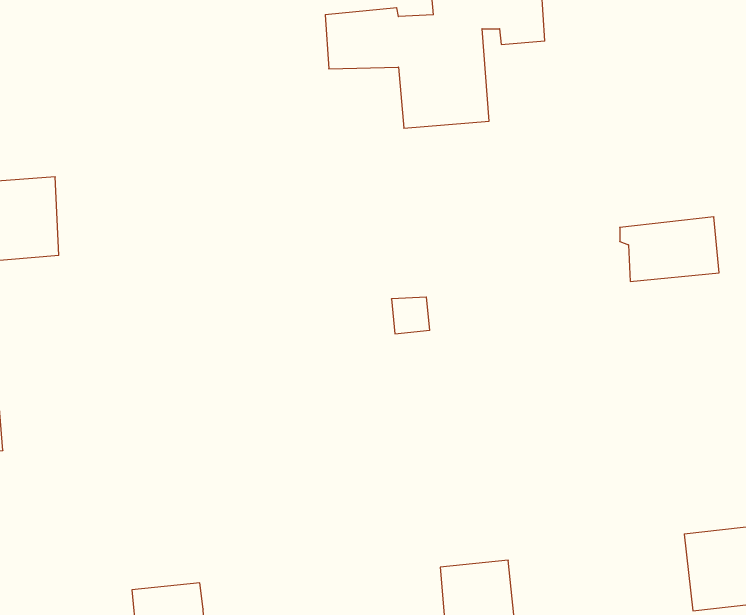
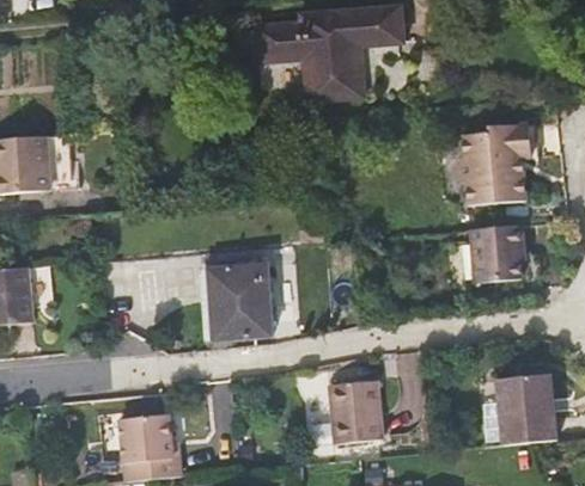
building: none -> [455,125,529,170]
building: none -> [468,224,523,283]
building: none -> [207,263,272,339]

